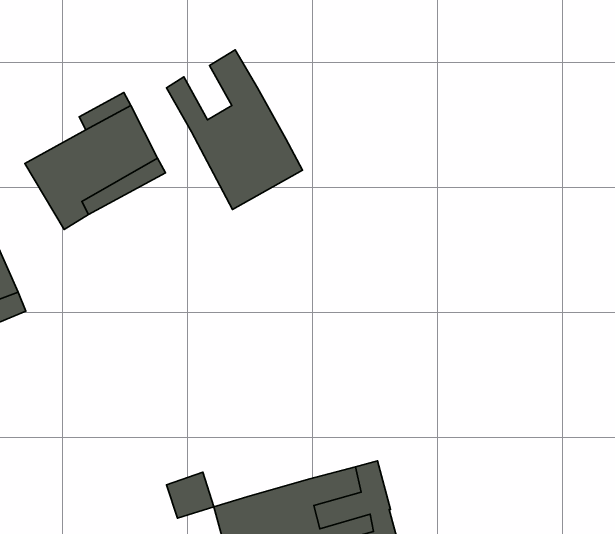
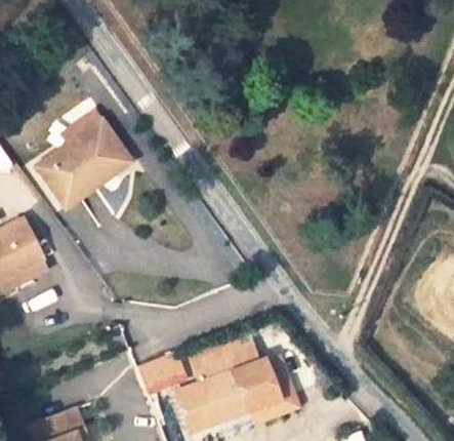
building: [167,50,302,209] -> none
building: none -> [193,339,241,377]

